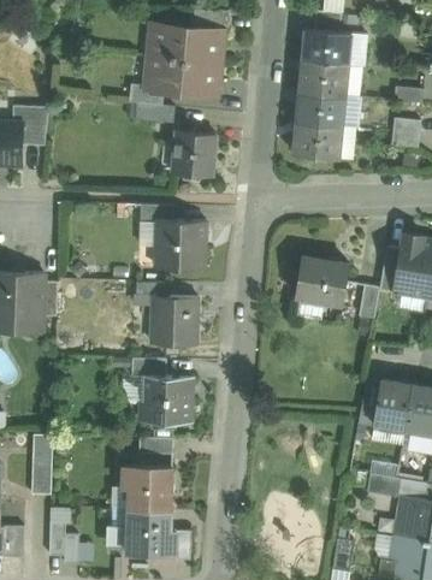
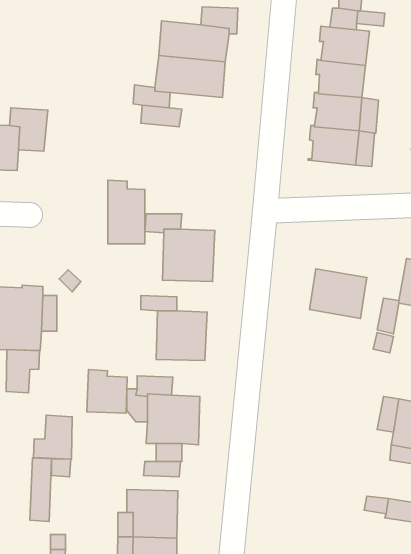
building: [172,130,215,177] -> none
building: none -> [108,180,145,244]
building: none -> [6,350,39,393]
building: none -> [87,370,127,413]
building: none -> [34,415,72,459]

